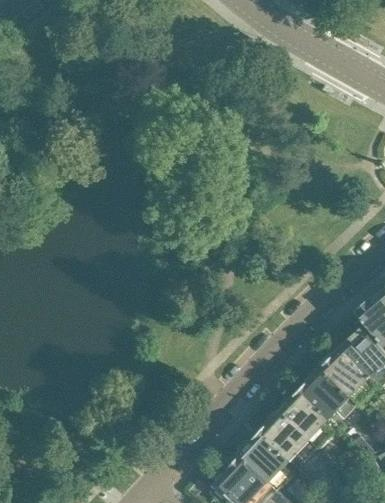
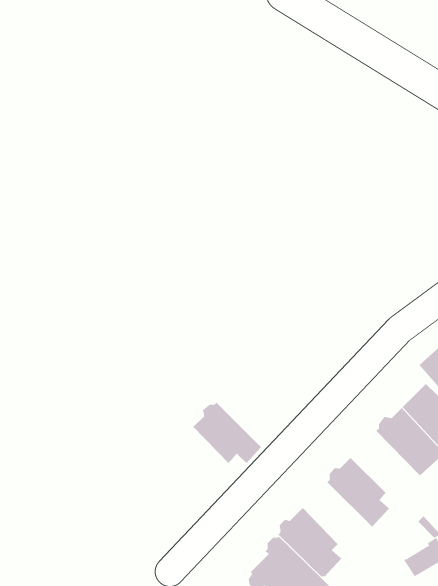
building: [300,366,358,418] -> none
building: [260,409,318,461] -> [193,402,262,464]

